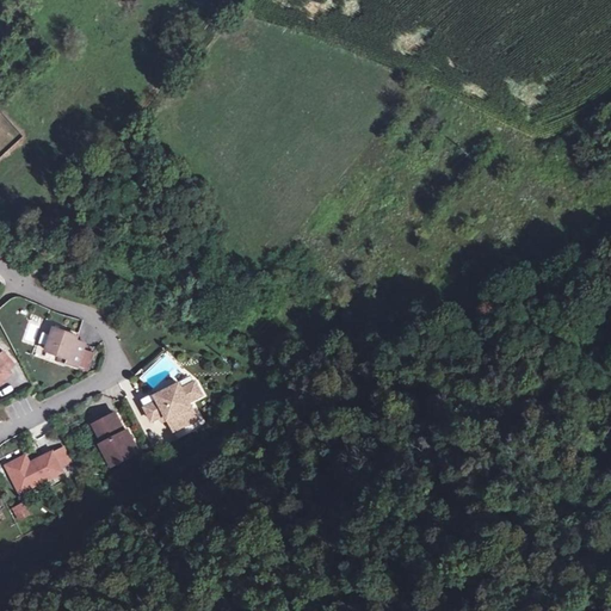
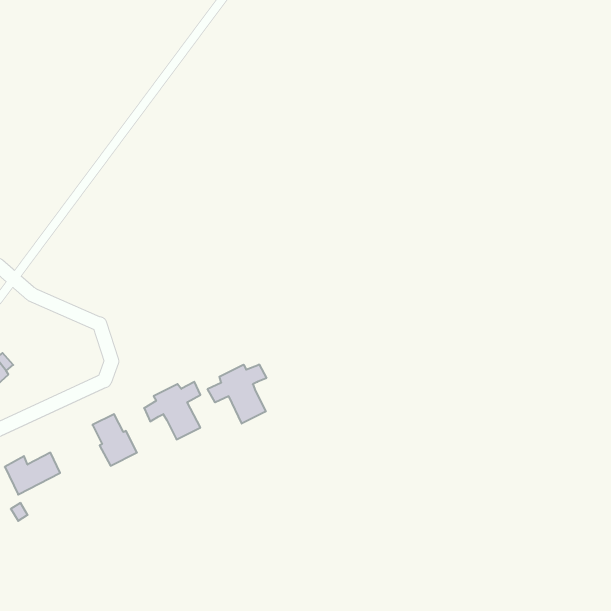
building: [43,326,82,364] -> none
building: none -> [208,364,266,424]

